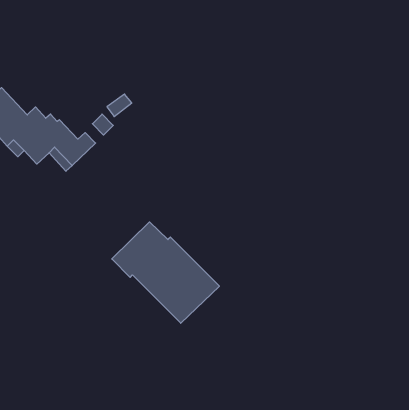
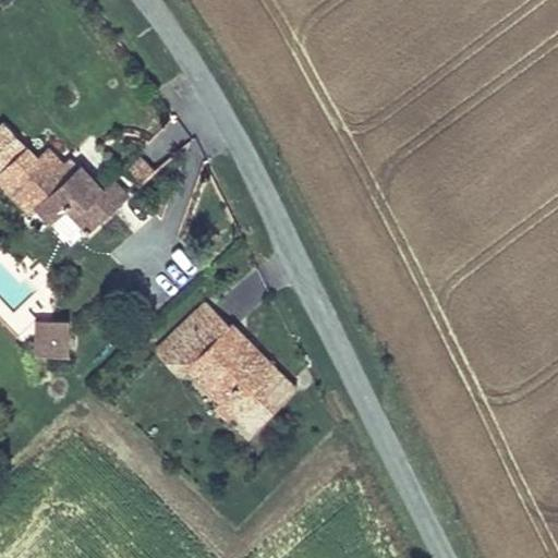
building: none -> [35,322,66,352]

